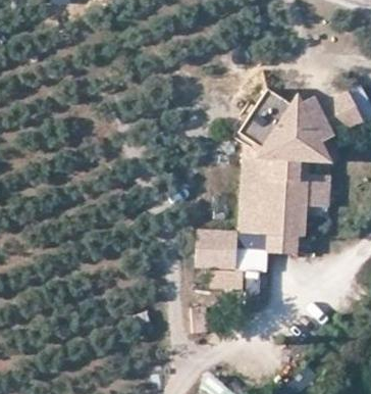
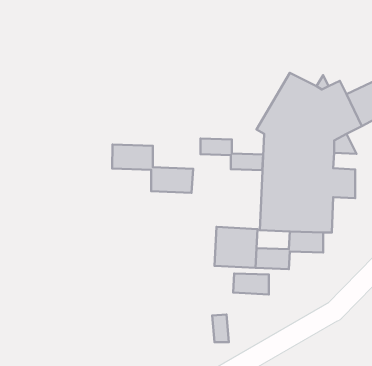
building: none -> [200,138,263,170]
building: none -> [112,144,193,193]

